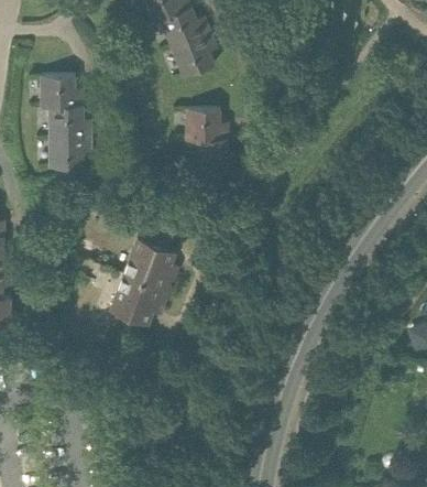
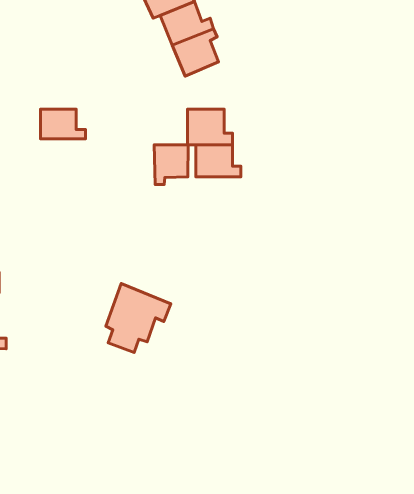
building: [42,74,84,107] -> none
building: [51,134,92,167] -> none
building: none -> [154,145,188,184]
building: [125,226,177,288] -> none

